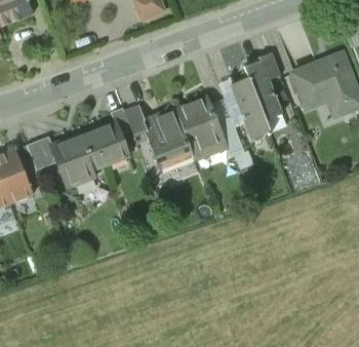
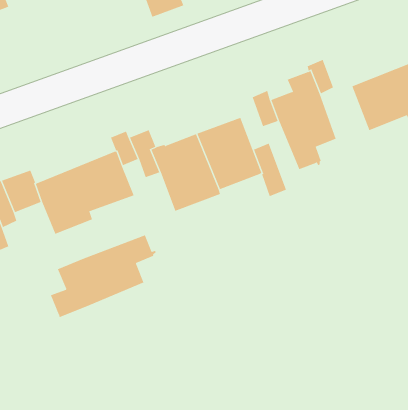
building: none -> [50,235,156,318]

